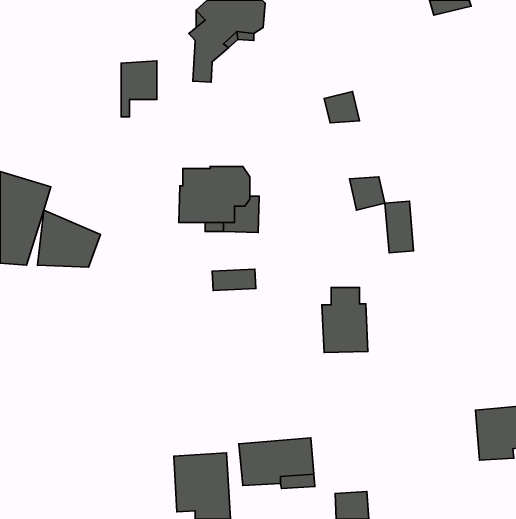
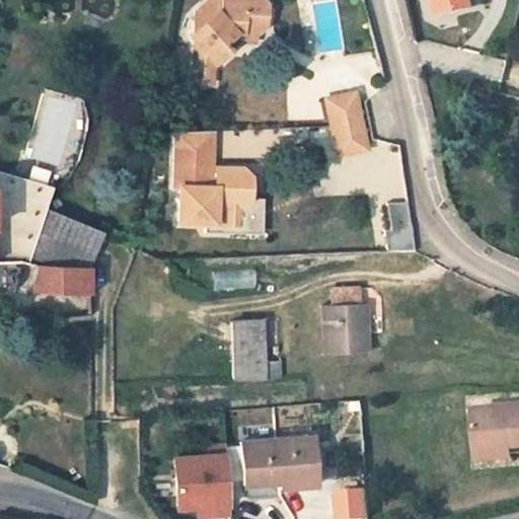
building: [121,61,157,117] -> [177,130,213,186]
building: [349,177,385,210] -> [332,121,368,154]
building: none -> [33,265,91,293]
building: none -> [234,319,283,377]

